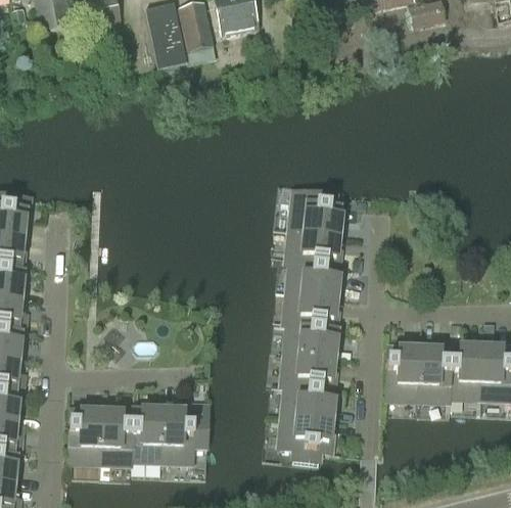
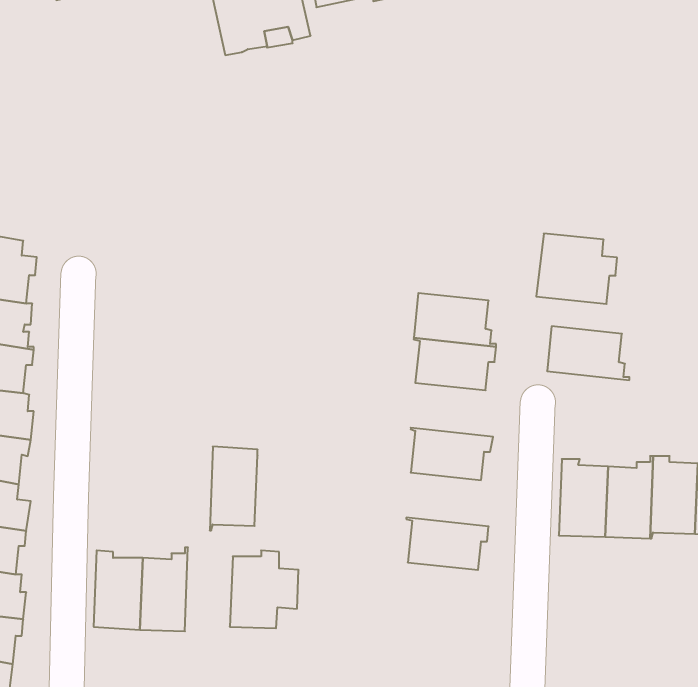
building: [288,187,343,235] -> [536,234,617,304]
building: [283,291,339,328] -> [547,326,629,380]
building: [280,353,336,389] -> none
building: [129,404,161,461] -> [210,447,258,530]
building: [278,414,331,461] -> none

